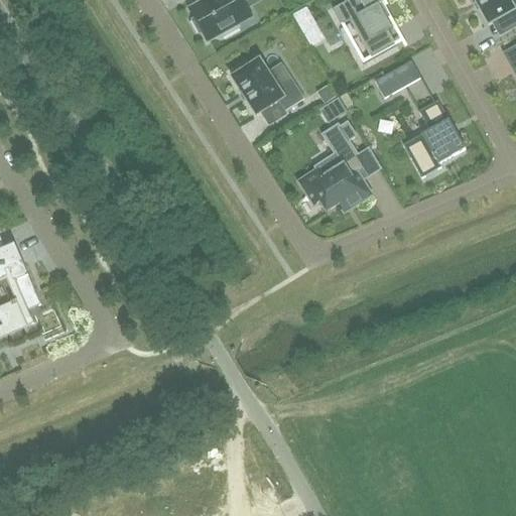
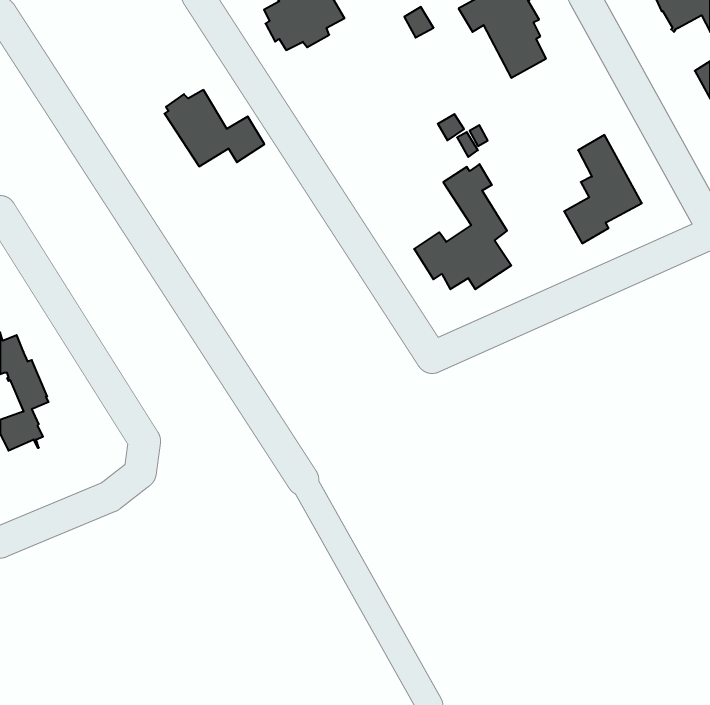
building: [232,57,304,113] -> [164,90,264,166]
building: [375,58,421,97] -> none

